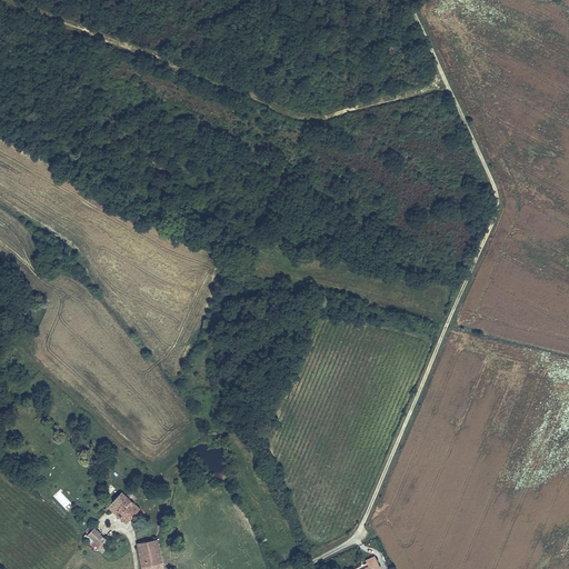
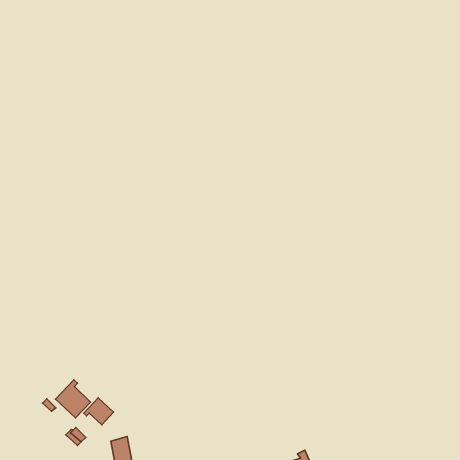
building: none -> [56,380,91,418]

